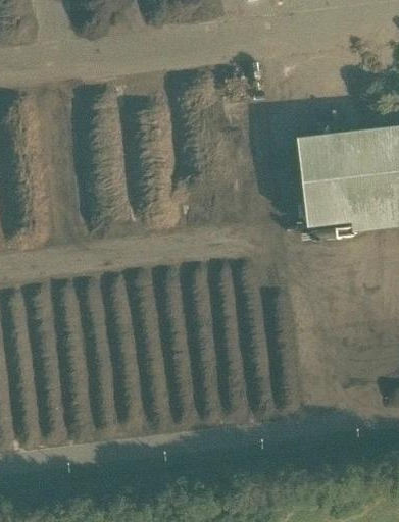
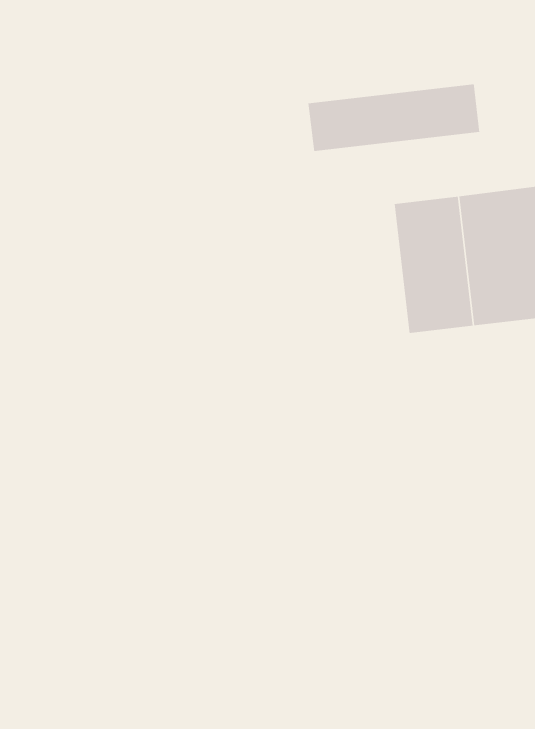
building: none -> [308,83,480,152]

